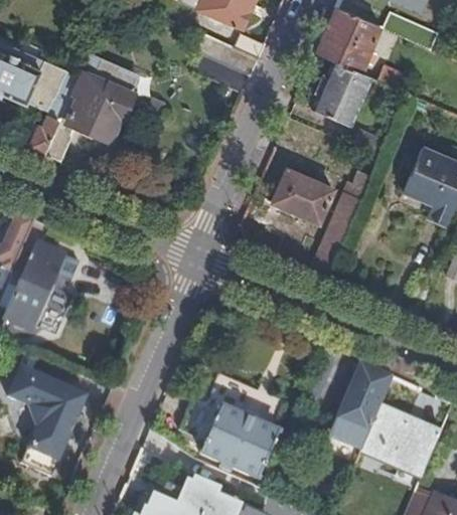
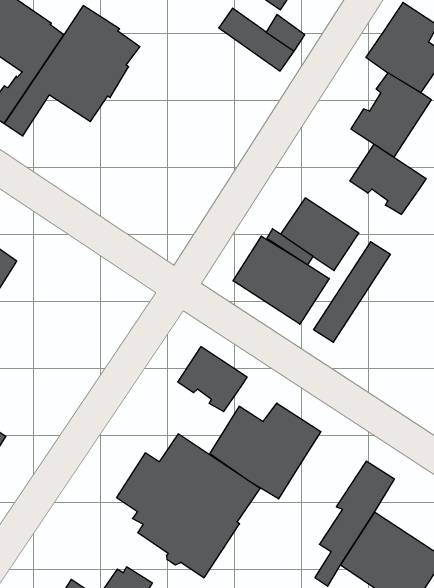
building: none -> [350,144,426,214]
building: none -> [233,236,329,324]
building: none -> [178,347,247,412]
building: none -> [210,403,321,499]

